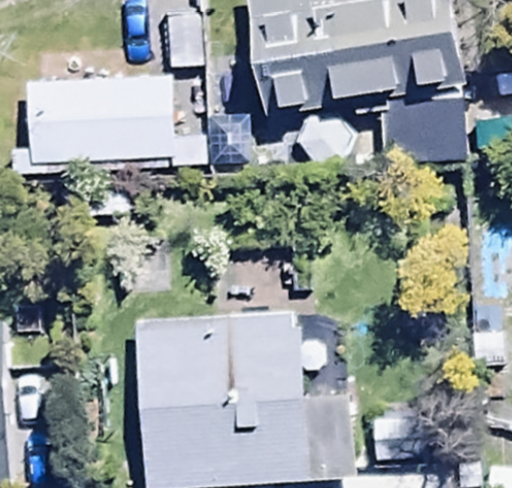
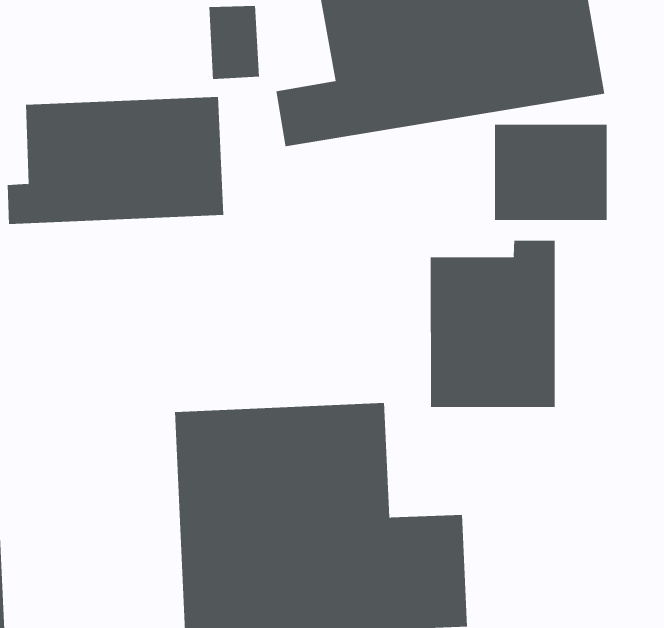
building: none -> [430,240,555,408]

